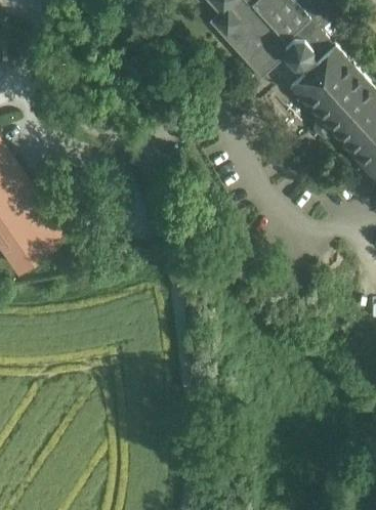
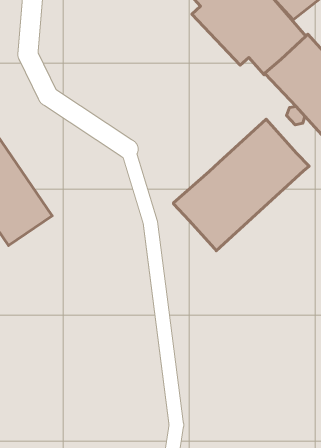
building: none -> [173,119,309,251]

